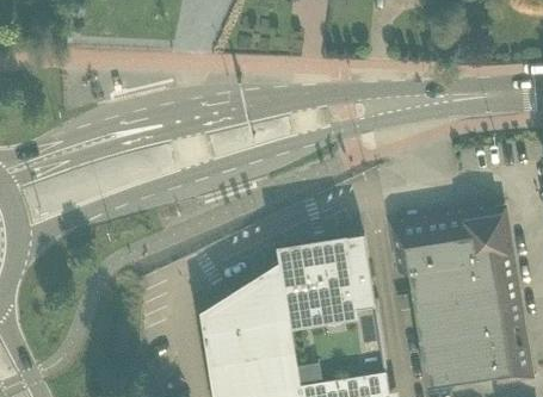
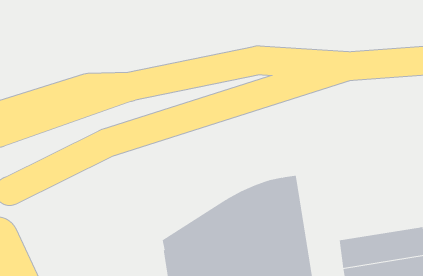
building: [394,216,512,316] -> none

